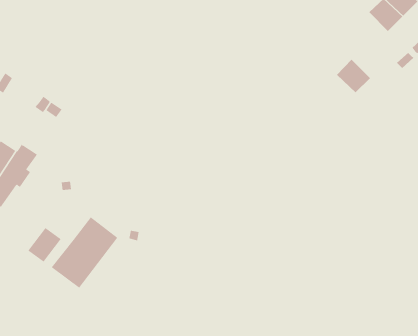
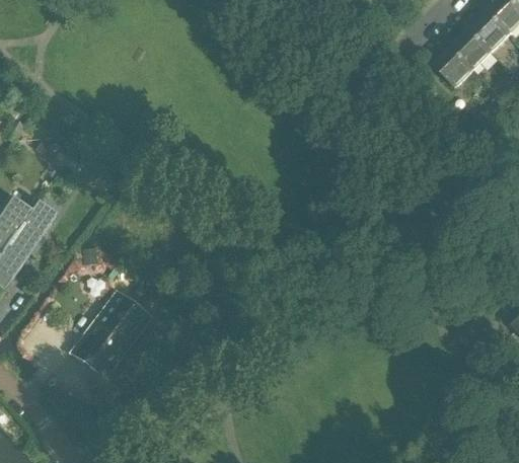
building: [336,59,371,93] -> [432,45,473,86]
building: [27,227,62,262] -> none

